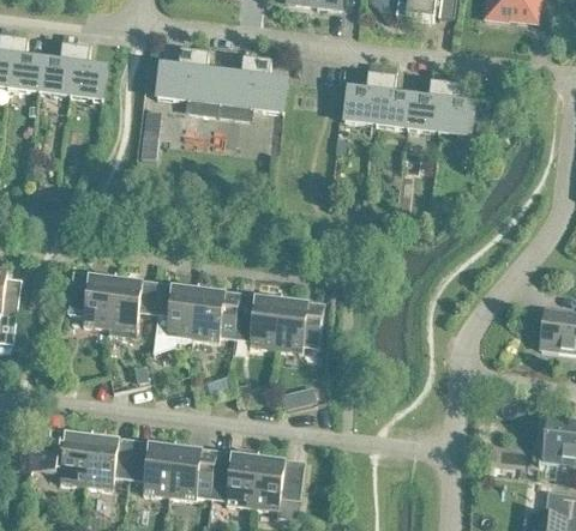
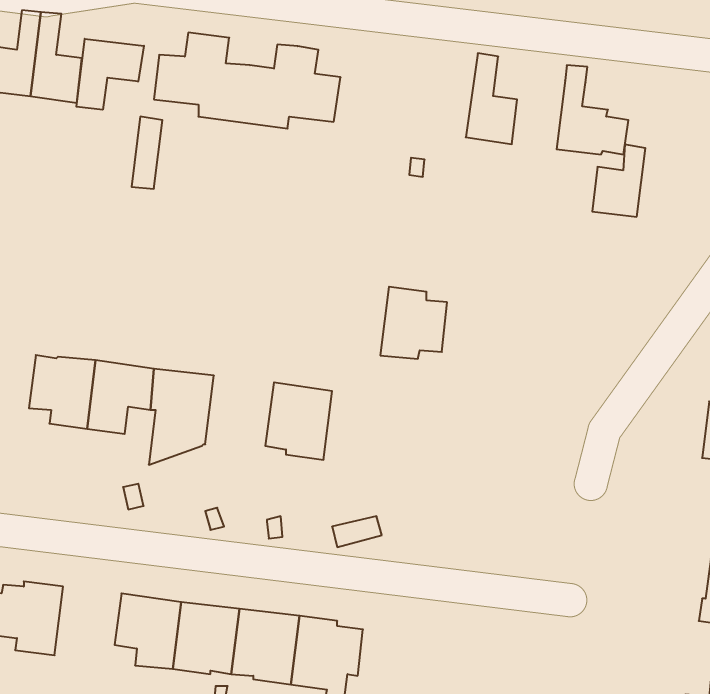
building: none -> [76,39,144,110]
building: [344,62,384,122] -> none
building: [408,80,445,131] -> [592,145,645,217]
building: [193,289,241,340] -> none
building: [276,300,323,350] -> [380,287,447,359]
building: [88,436,134,487] -> none

